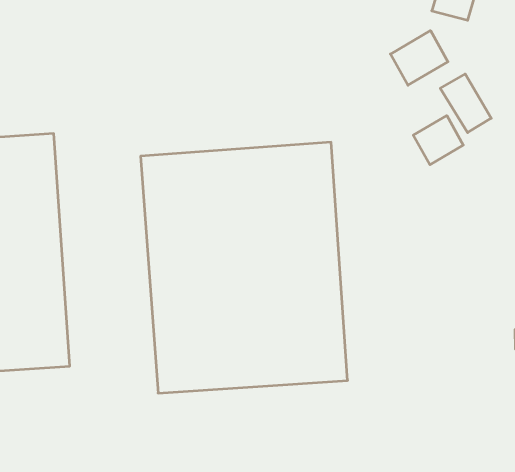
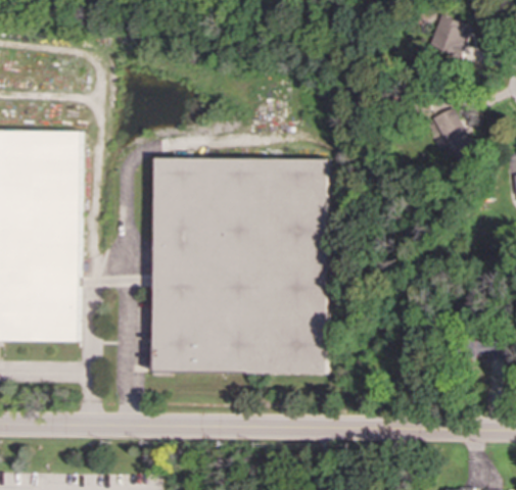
building: [390,31,448,85] -> none
building: [413,116,463,165] -> none

